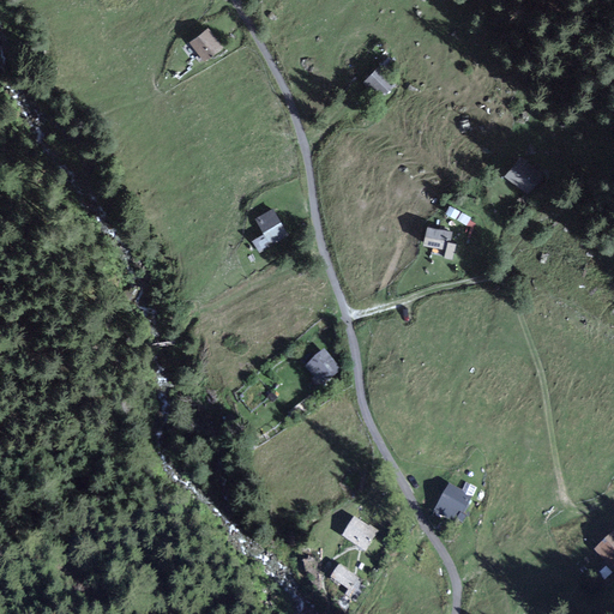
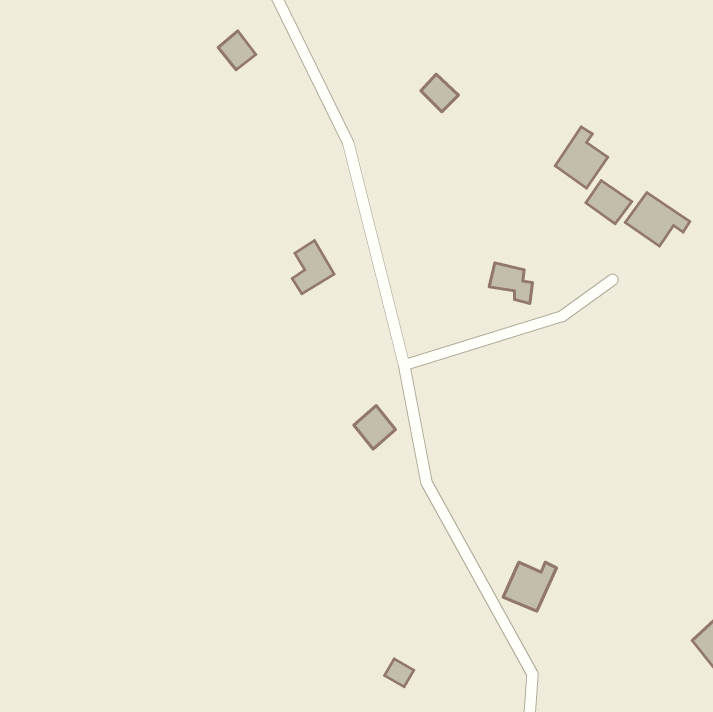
building: none -> [555,127,608,188]
building: none -> [625,192,690,246]
building: [341,517,381,554] -> none

